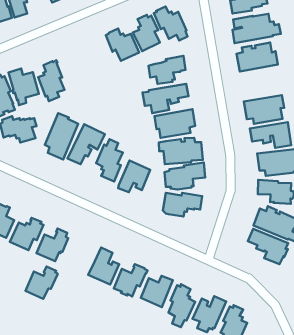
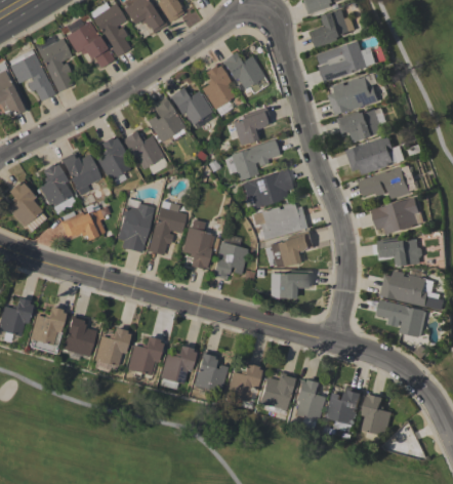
building: none -> [148,97,186,142]
building: none -> [123,130,167,173]
building: none -> [338,108,384,142]
building: [26,267,58,299] -> [161,345,196,384]

